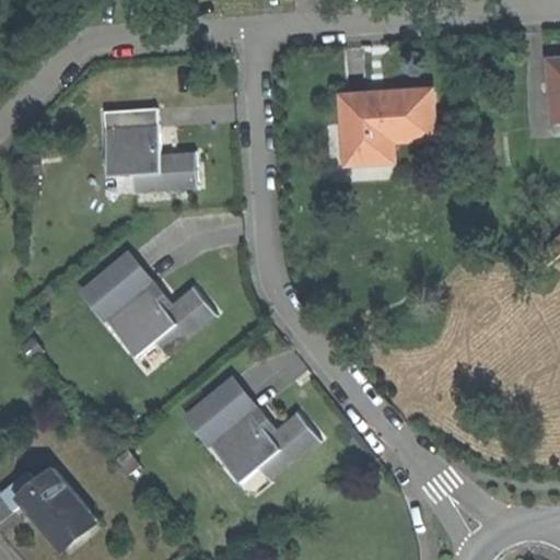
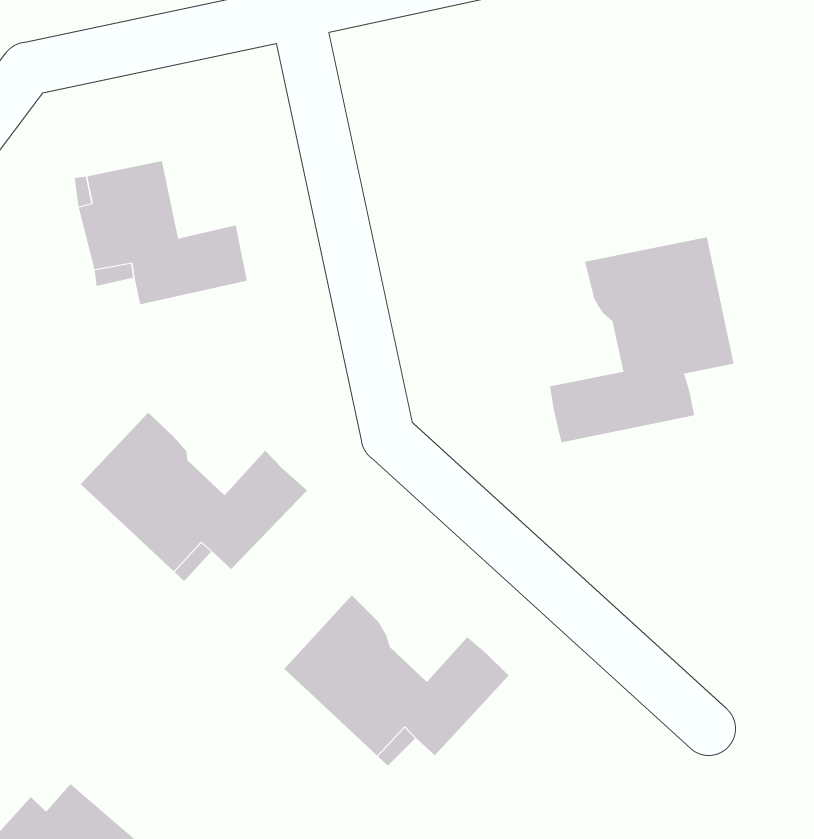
building: [343,85,439,162] -> none
building: none -> [550,236,734,443]

